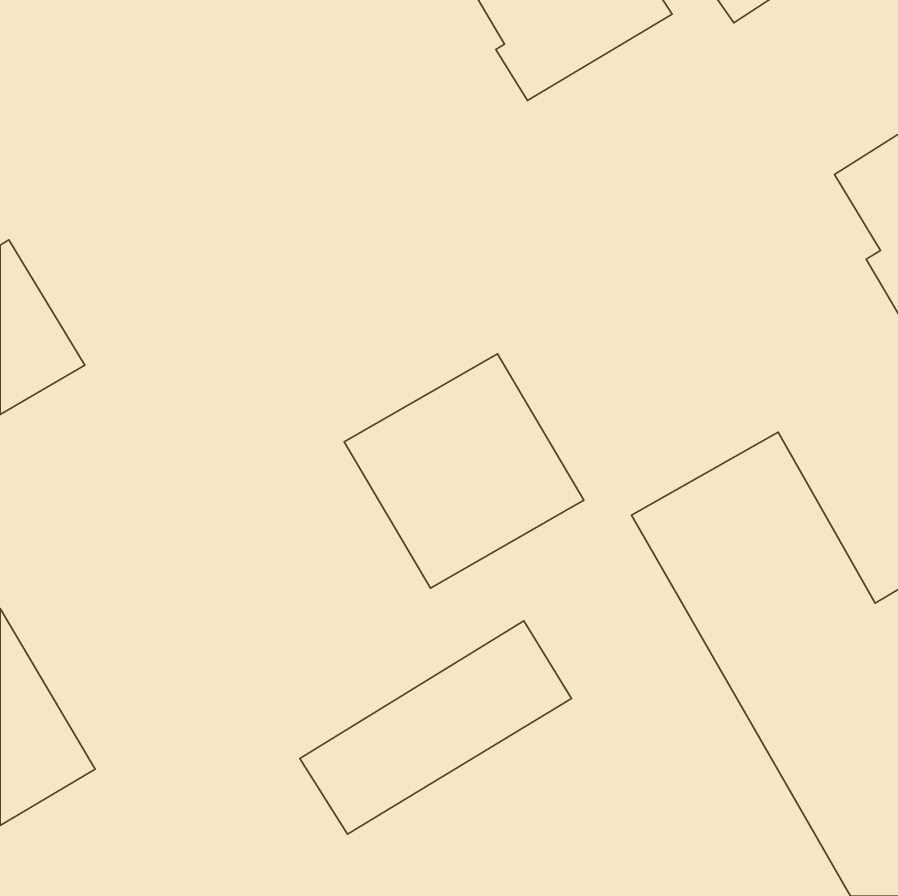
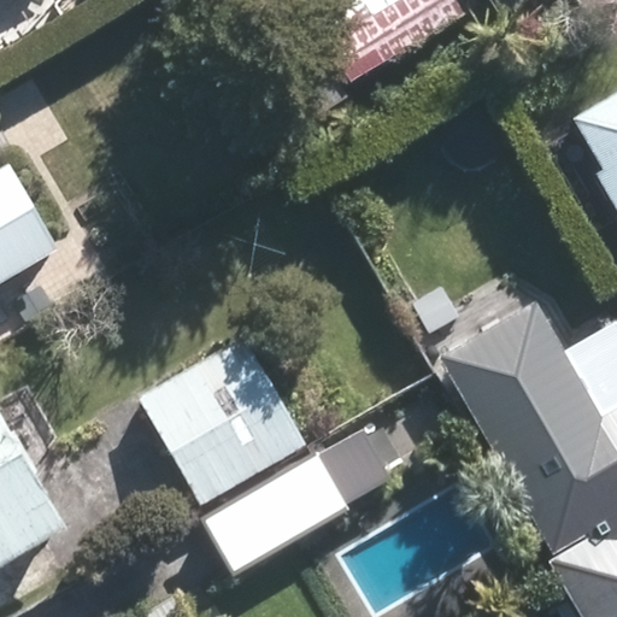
building: [344,354,584,588] -> [140,339,304,499]

